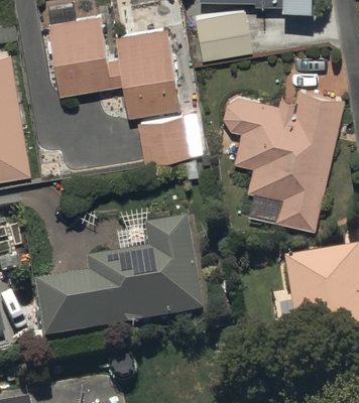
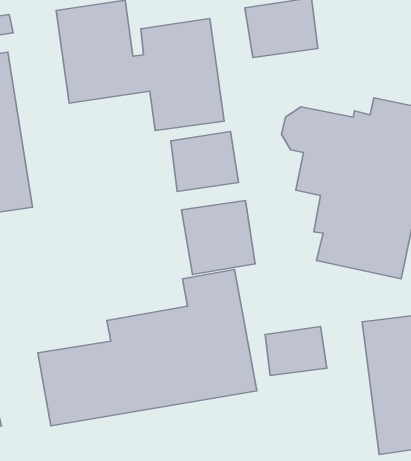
building: none -> [181,200,255,275]
building: none -> [265,326,327,375]

